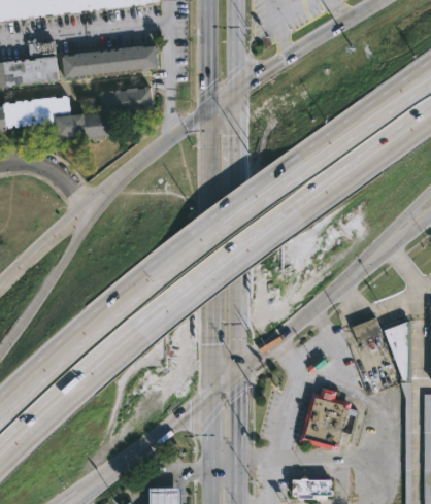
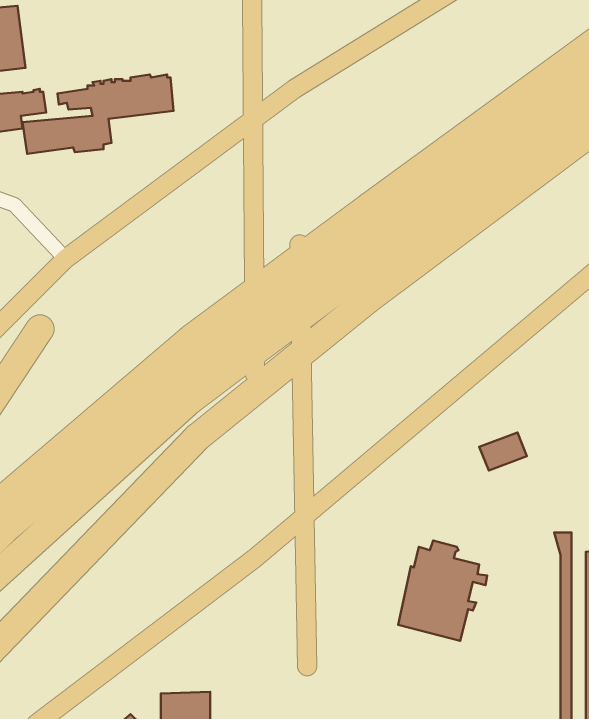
building: [61,44,157,78] -> none
building: [386,318,411,380] -> none
building: [289,478,334,497] -> none

